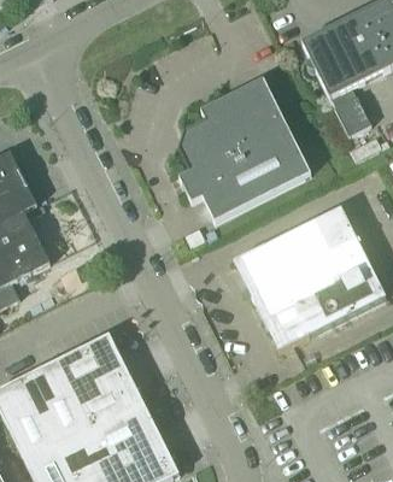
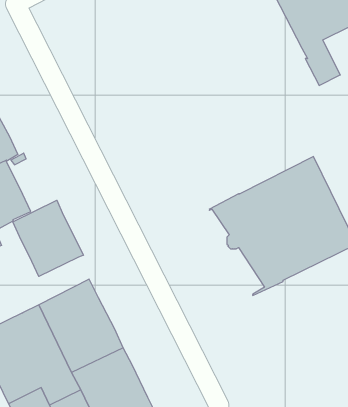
building: [177,75,310,219] -> none
building: none -> [13,200,83,276]

